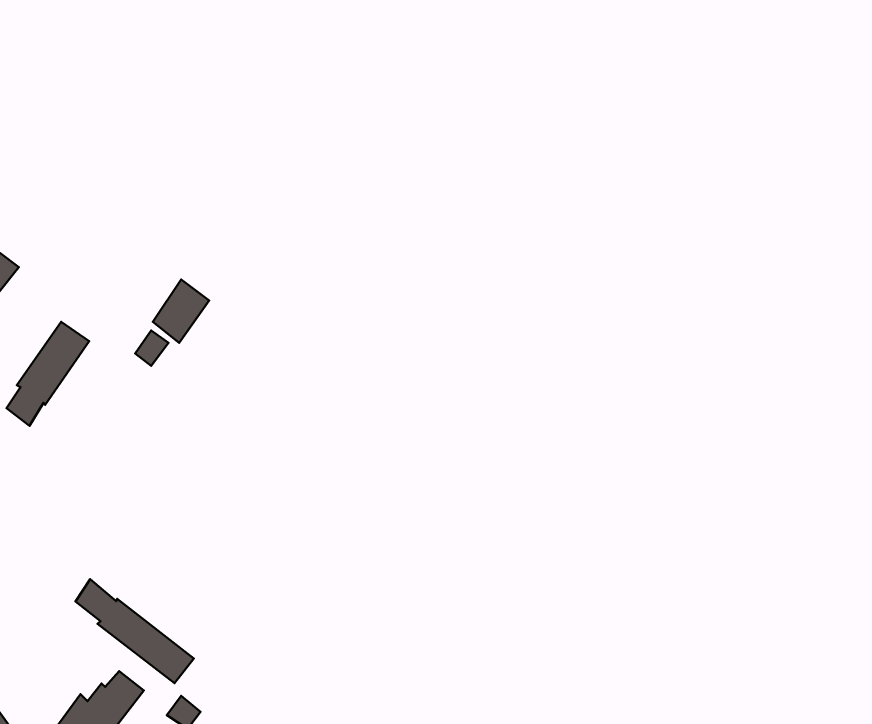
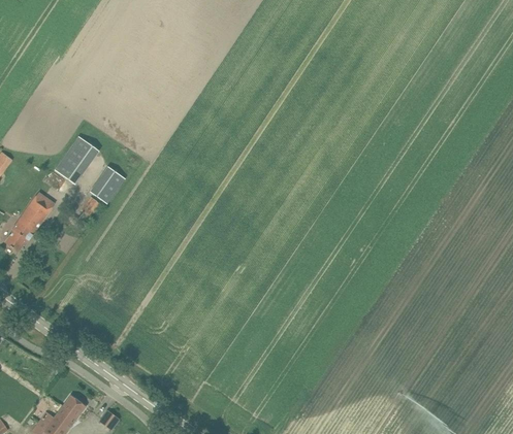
building: none -> [55,135,99,183]
building: [75,579,194,683] -> none

